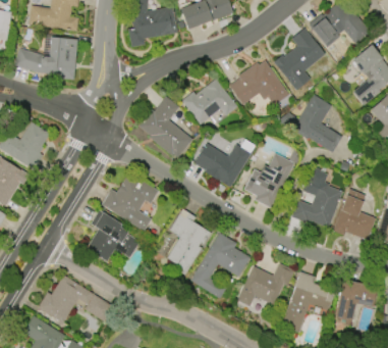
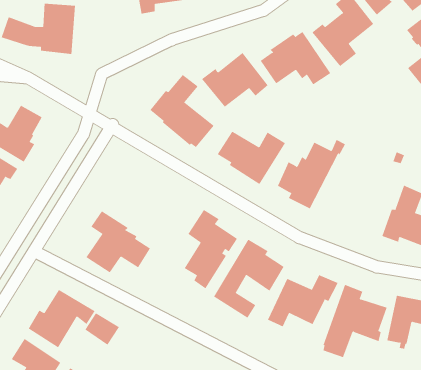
building: [278,94,343,154] -> none
building: [291,167,343,229] -> none
building: [102,172,159,233] -> none

